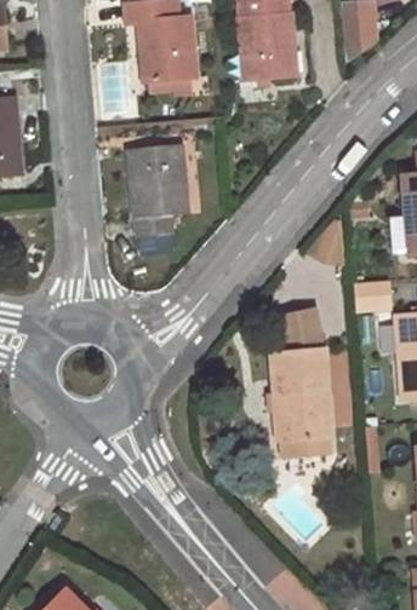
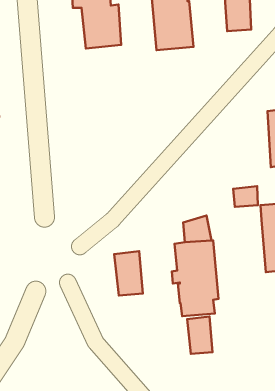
building: [130,145,188,237] -> none
building: none -> [114,251,143,296]
building: none -> [187,316,213,354]

